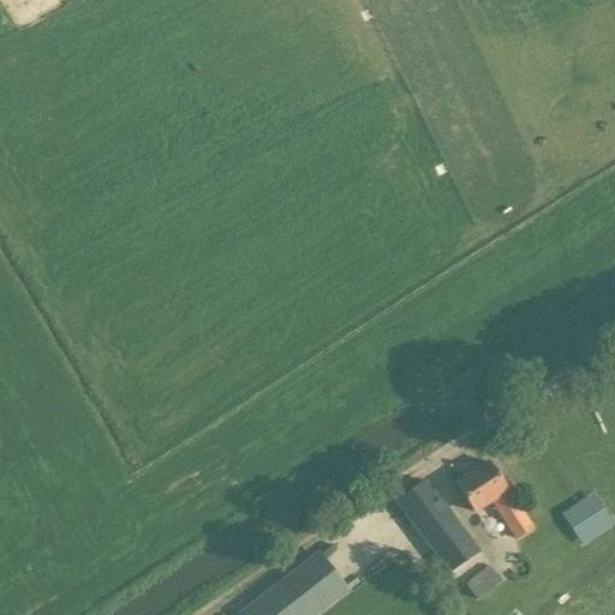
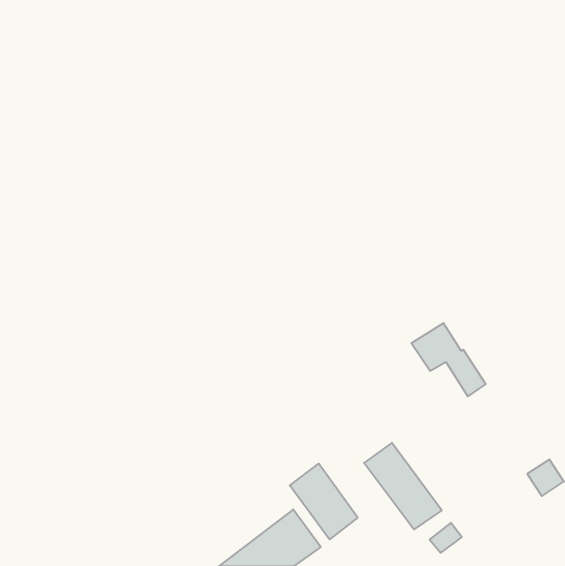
building: [455,461,536,541] -> [411,323,486,396]
building: none -> [290,464,358,539]

